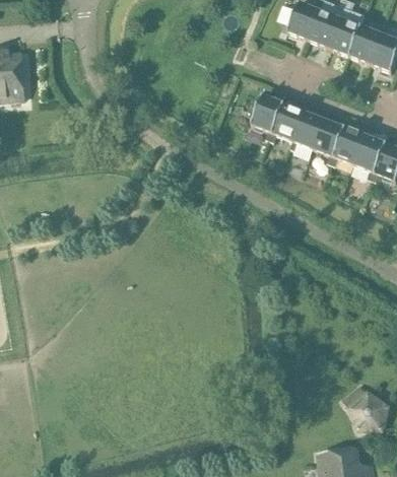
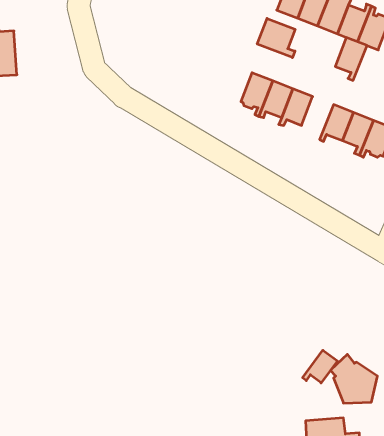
building: none -> [257,18,295,58]
building: [313,119,345,162] -> [335,38,367,80]
building: none -> [303,350,337,383]

